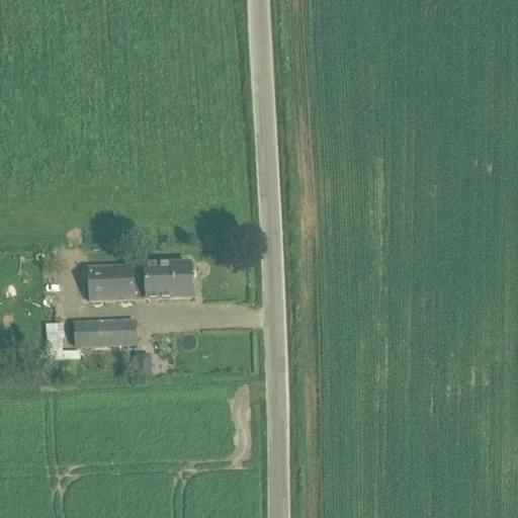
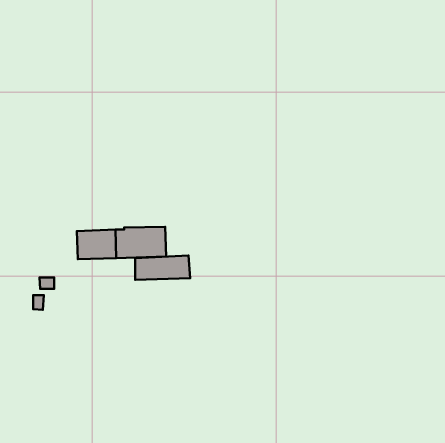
building: [74,318,138,346] -> [135,255,190,280]

